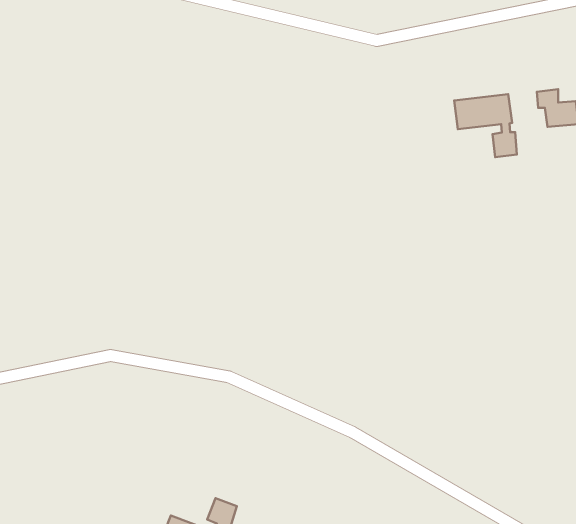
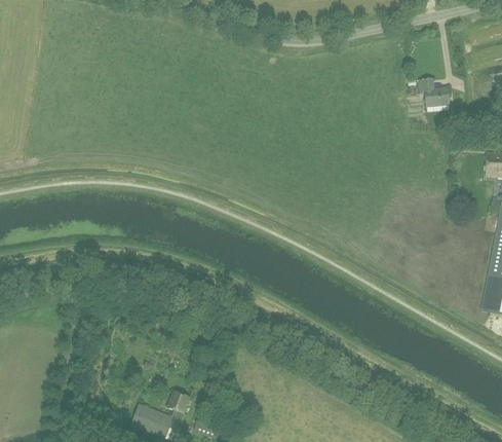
building: [454,94,517,157] -> none

